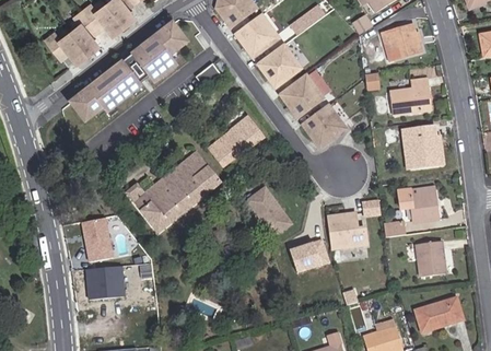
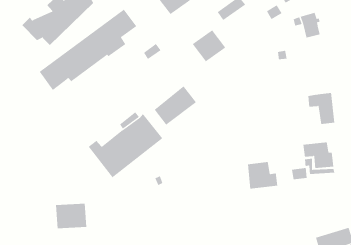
building: [236,14,279,57] -> none
building: [281,74,324,117] -> none
building: [391,77,432,114] -> none
building: [303,105,346,147] -> none
building: [248,188,292,236] -> none
building: [83,217,113,259] -> none
building: [288,236,331,272] -> none
building: [417,239,446,276] -> none

